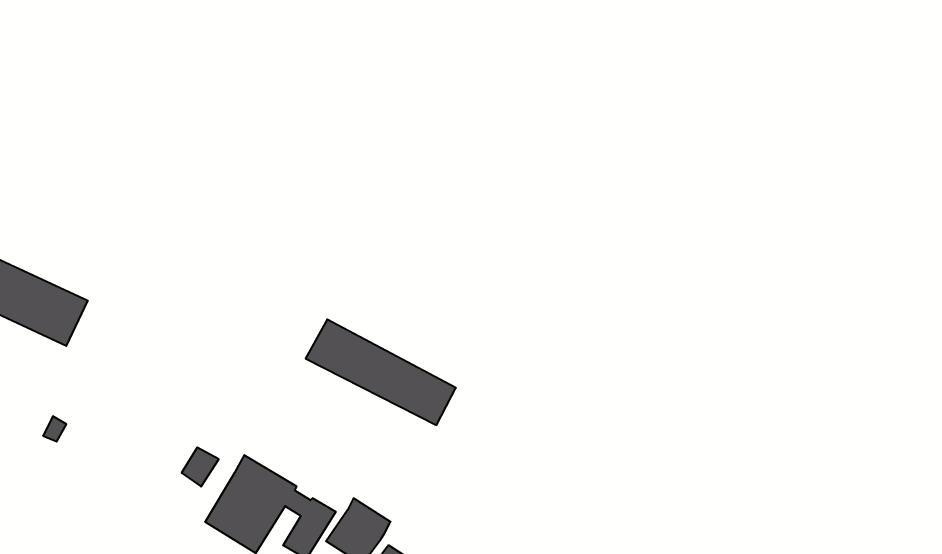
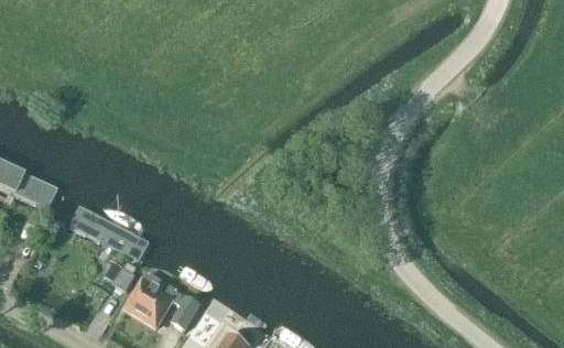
building: [306,319,456,425] -> [66,200,151,260]

